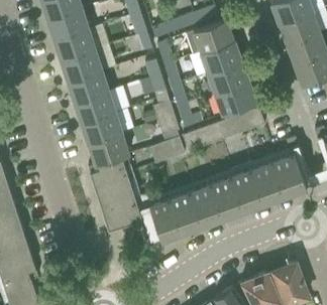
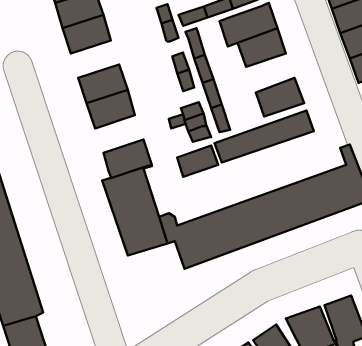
building: [62,49,102,81] -> none
building: [208,60,248,93] -> none
building: [82,112,122,143] -> none

